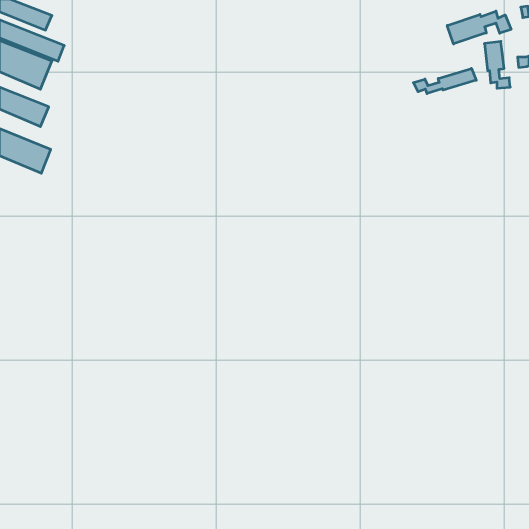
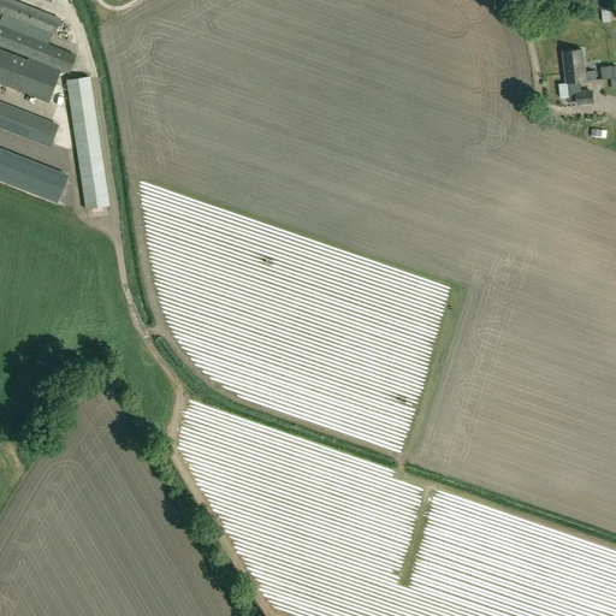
building: [447,11,511,44] -> none
building: none -> [65,75,108,208]
building: [413,68,476,94] -> none

